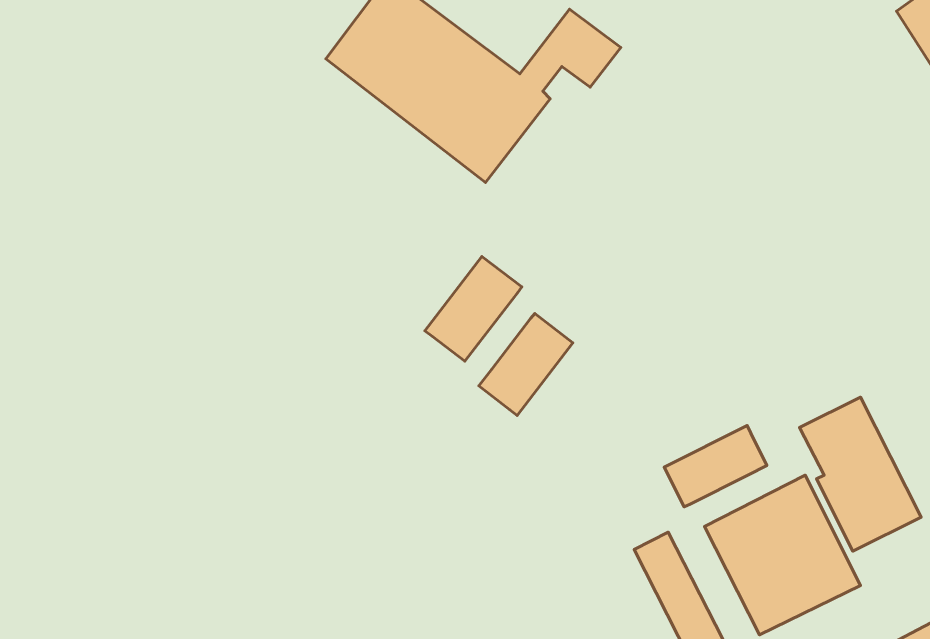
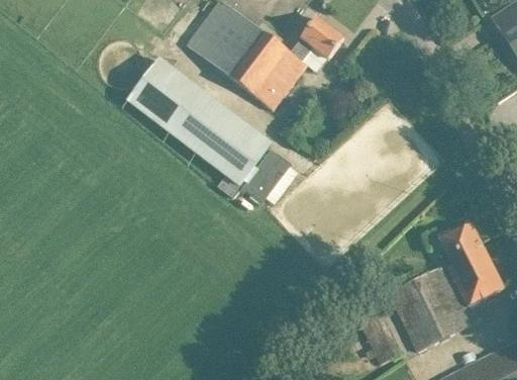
building: none -> [125,57,273,185]
building: [479,313,573,416] -> none
building: [664,426,767,507] -> none

